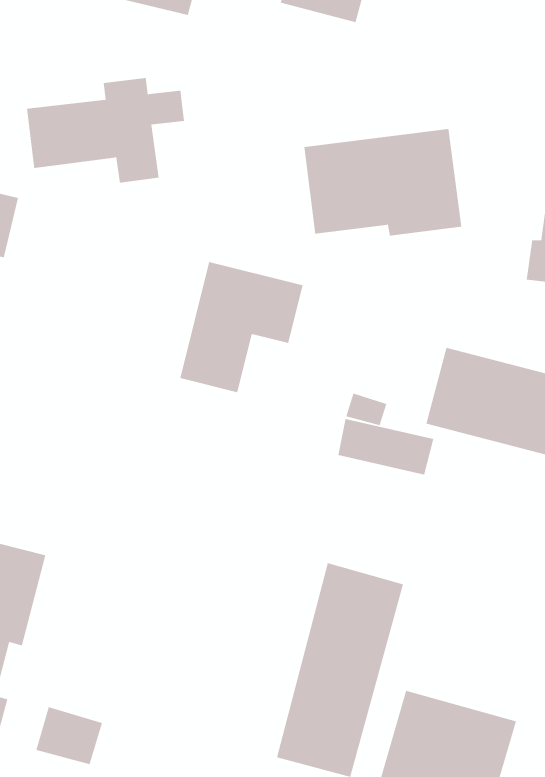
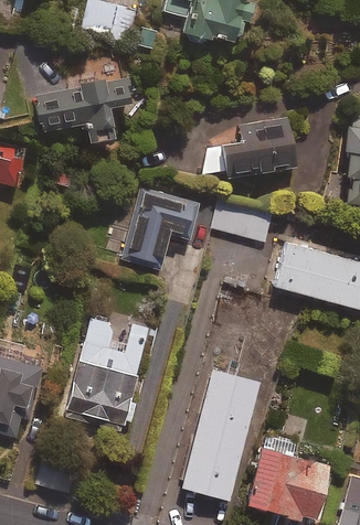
building: [337,419,434,475] -> [212,207,271,242]
building: none -> [65,318,148,431]

